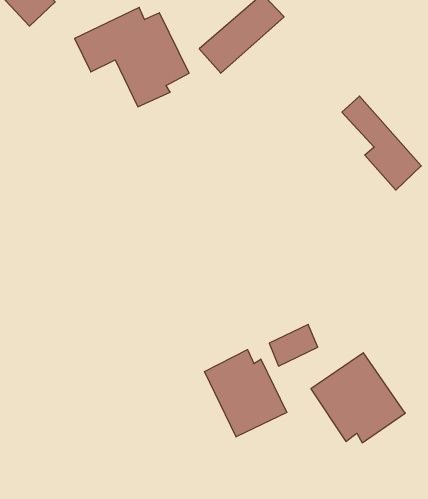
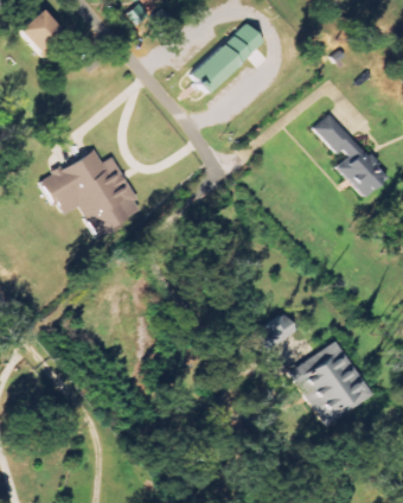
building: [75,7,189,107] -> [39,151,140,238]
building: [205,350,287,437] -> none

